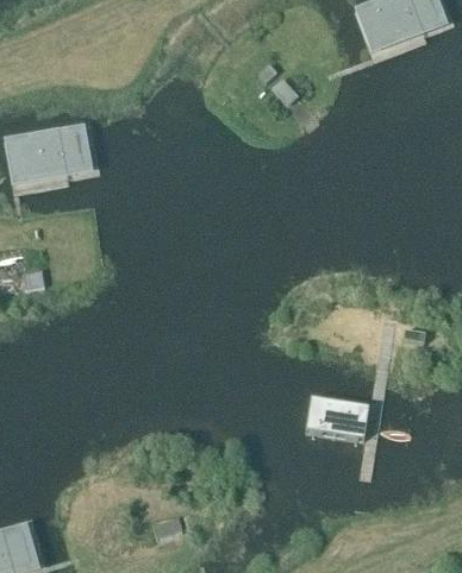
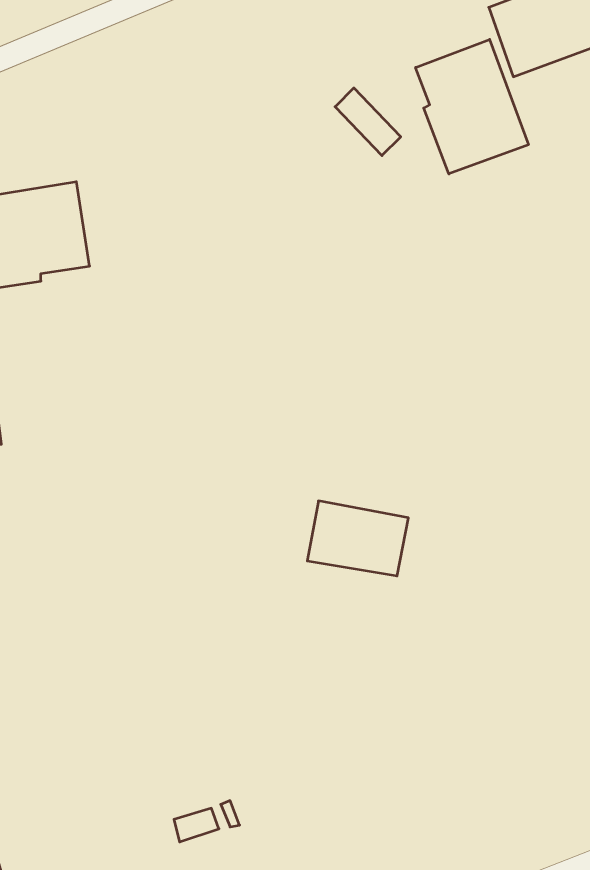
building: none -> [416,39,528,174]
building: [305,393,369,441] -> [307,501,408,576]

